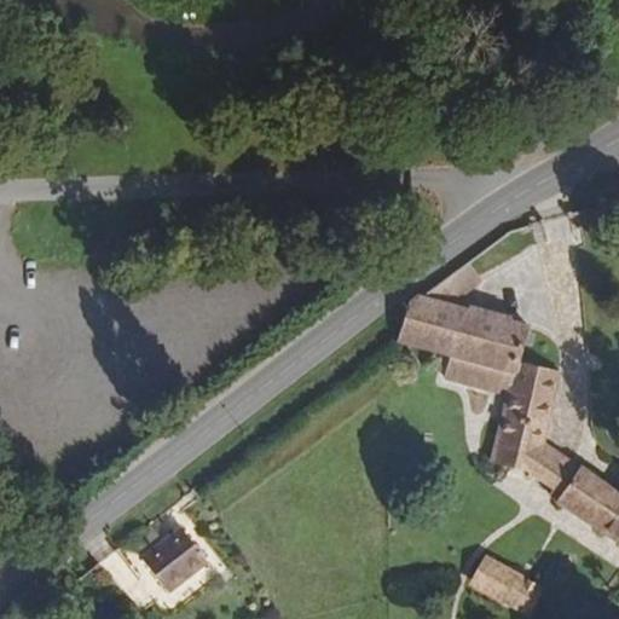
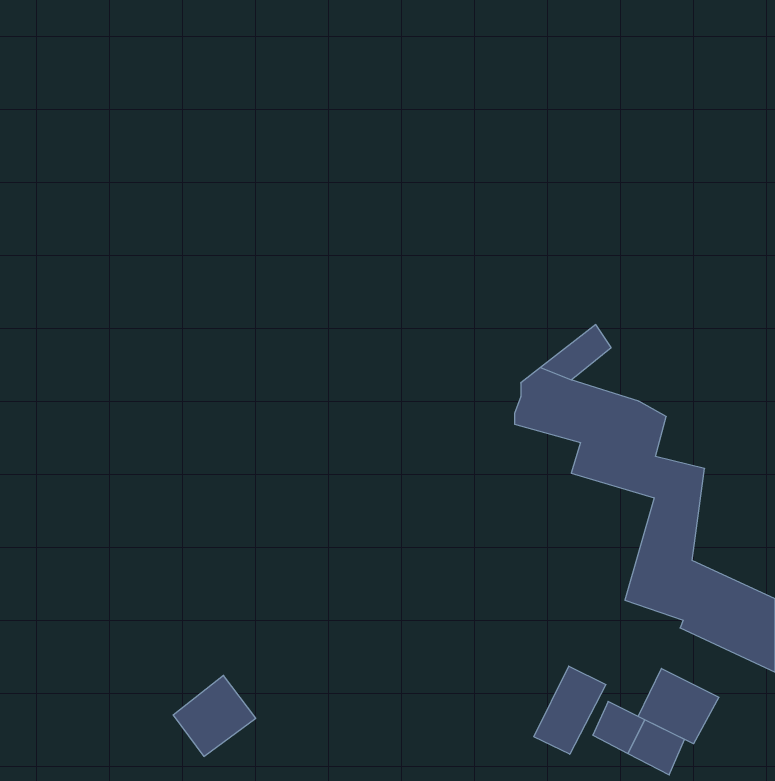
building: none -> [534,666,606,754]
building: none -> [638,668,719,744]

